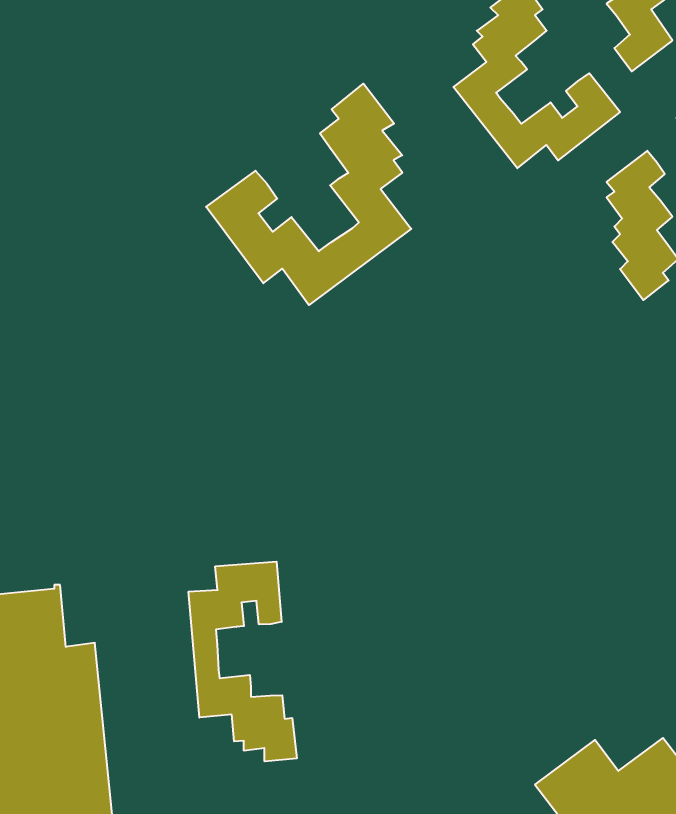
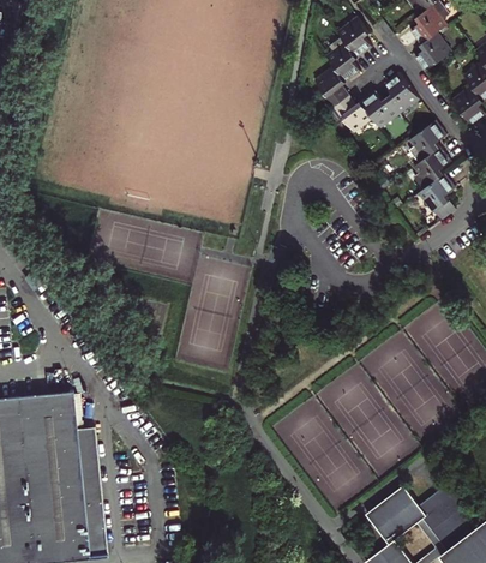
building: [206,84,411,305] -> none
building: [189,562,297,761] -> none

